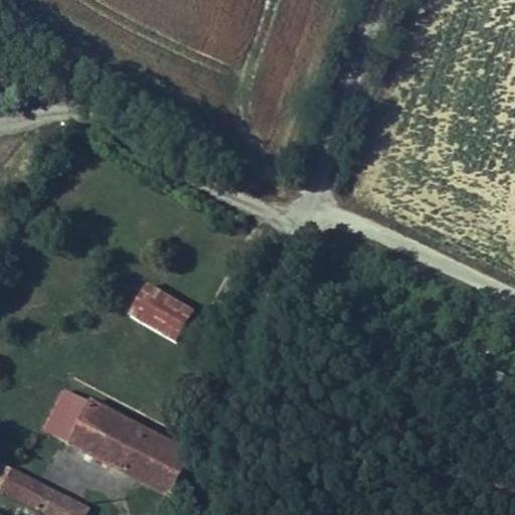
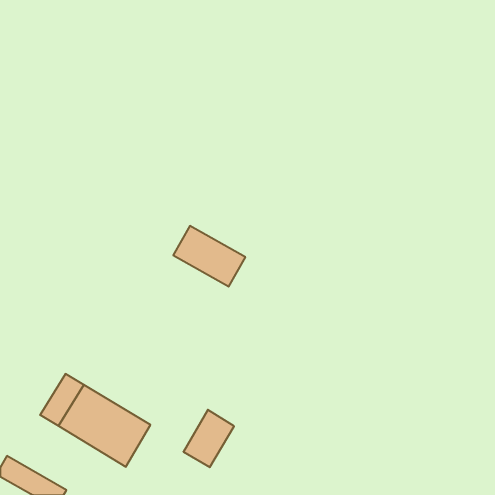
building: [124,277,198,339] -> [173,226,245,287]
building: [134,438,186,497] -> [183,410,234,467]

